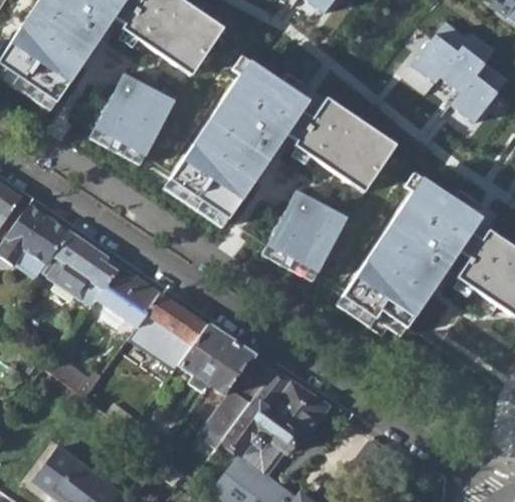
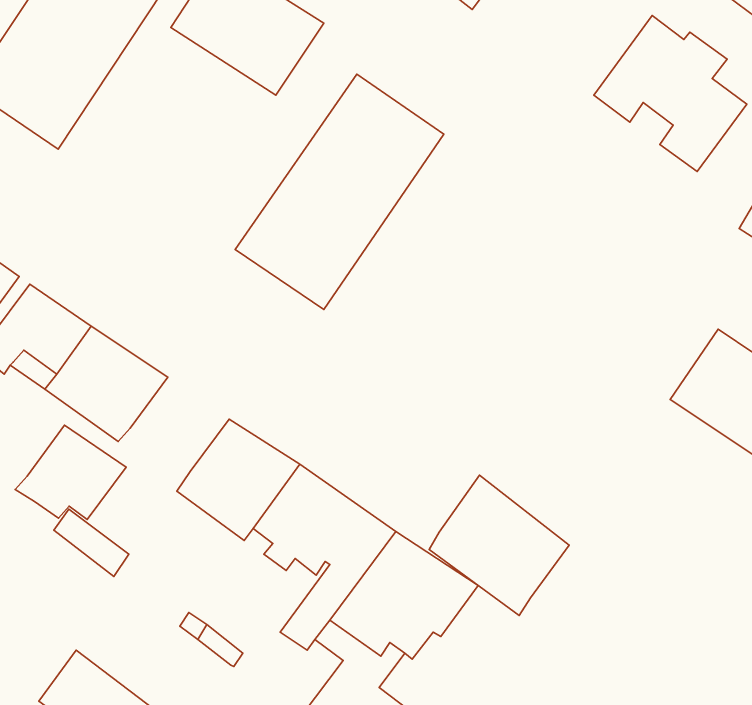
building: [96,71,176,155] -> none
building: [296,100,395,193] -> none
building: [343,179,482,336] -> none
building: [263,192,348,284] -> none
building: [89,265,163,328] -> [15,425,126,520]
building: none -> [429,475,569,616]

